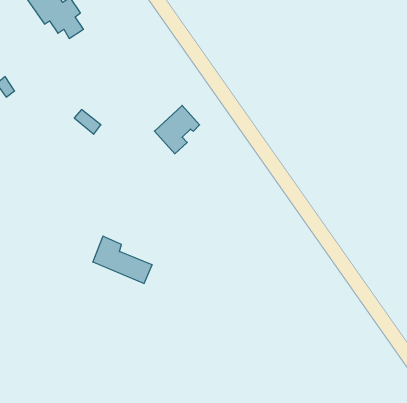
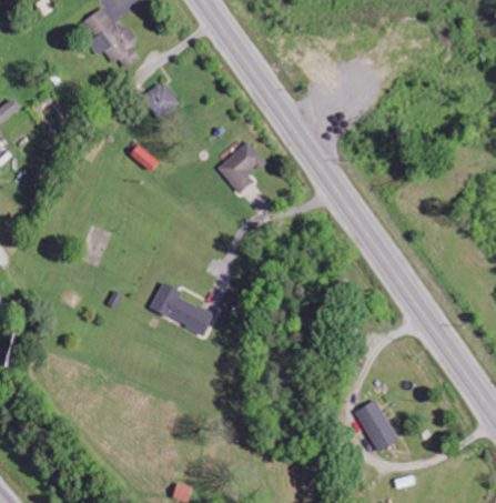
building: none -> [141,80,181,120]
building: none -> [354,400,397,452]

